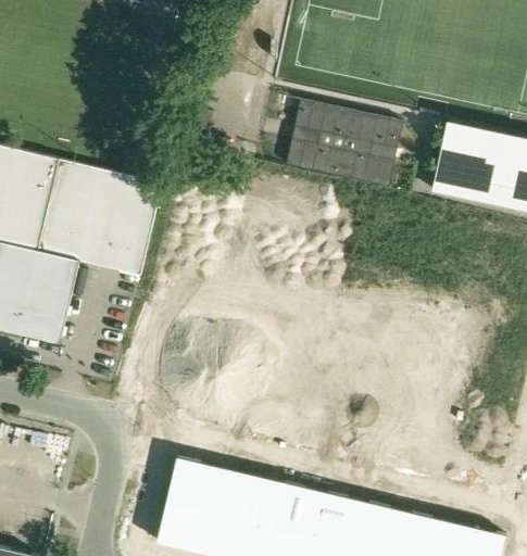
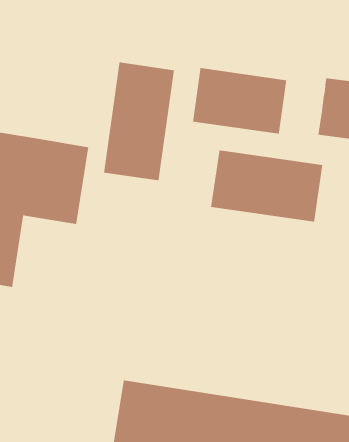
building: none -> [103,61,175,181]
building: none -> [210,150,323,222]

